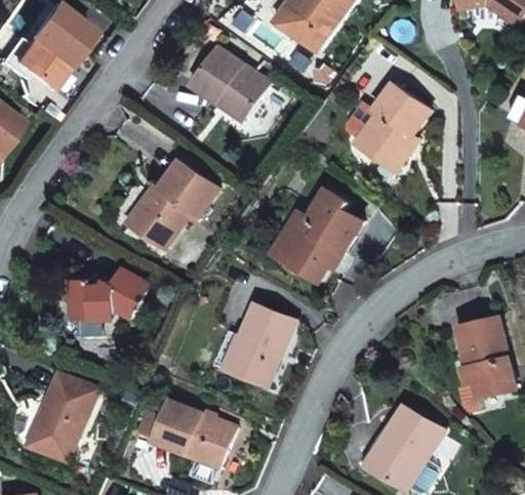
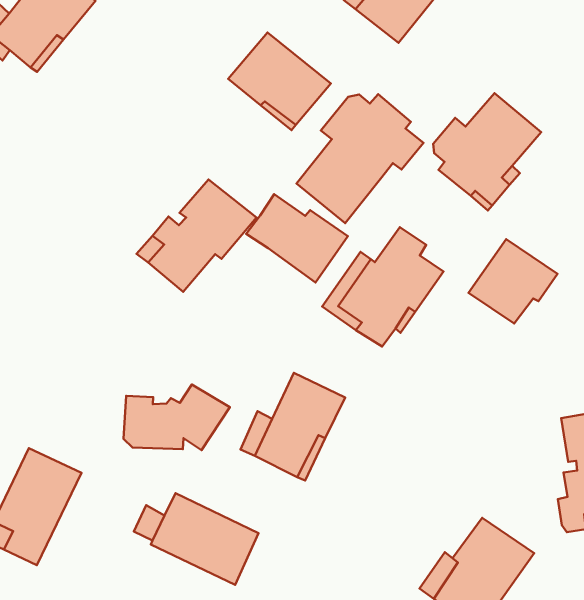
building: none -> [296,94,423,223]
building: none -> [246,194,348,282]
building: none -> [468,239,558,324]
building: [70,269,149,319] -> [124,385,230,450]

